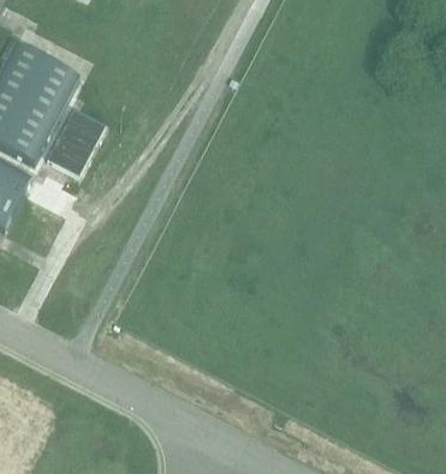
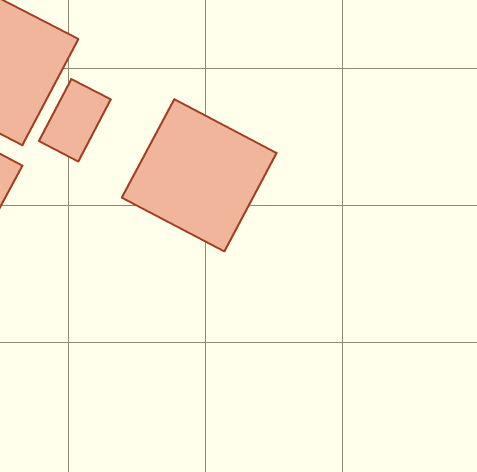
building: none -> [122,99,277,251]

